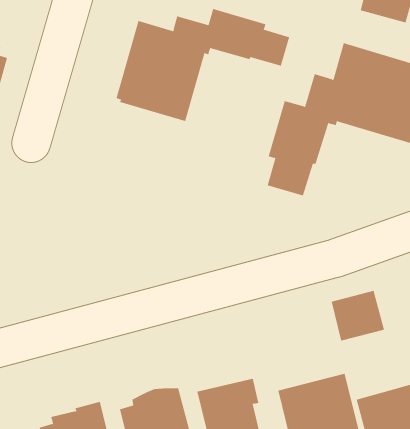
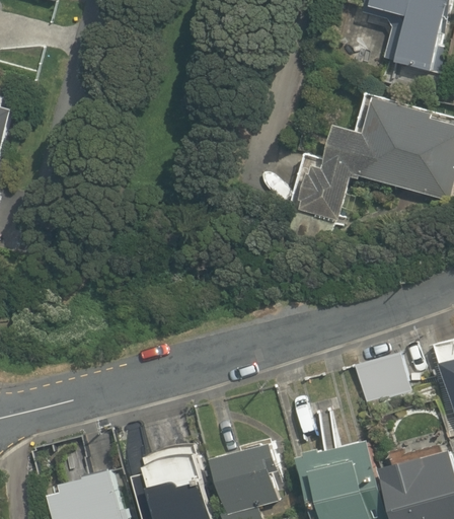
building: [116,8,290,122] -> none

